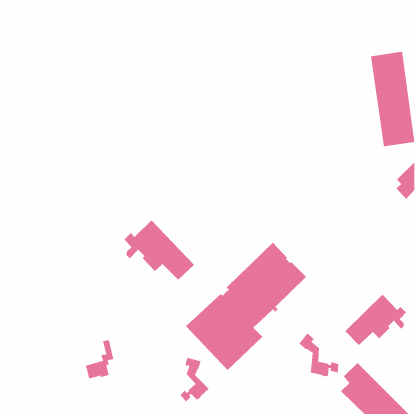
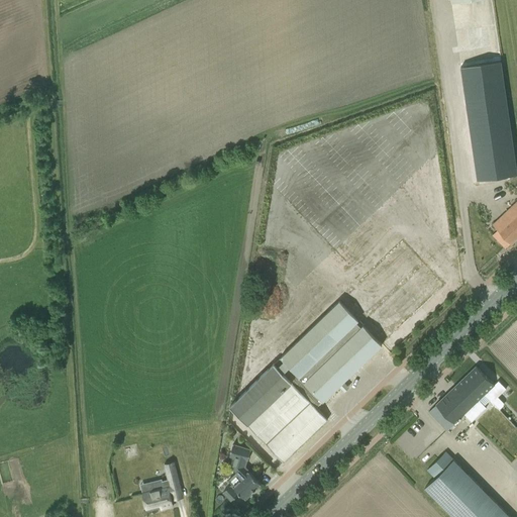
building: [123,219,195,281] -> none
building: [299,333,339,377] -> none
building: [85,340,114,379] -> [142,462,179,512]

